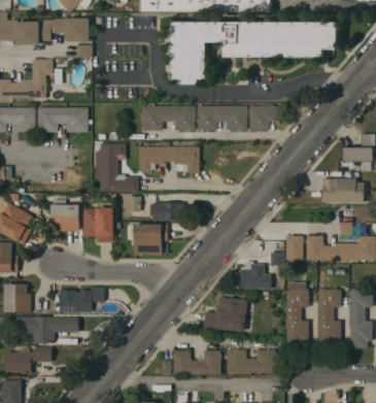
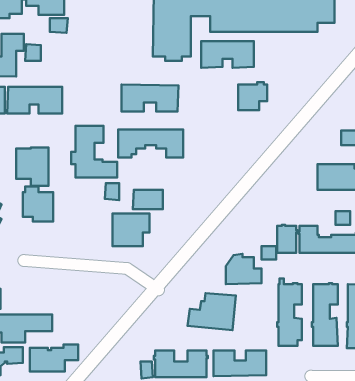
building: [198,105,246,130] -> [201,41,254,68]
building: [83,207,113,242] -> [16,148,49,186]
building: [60,287,104,311] -> [30,344,78,371]

